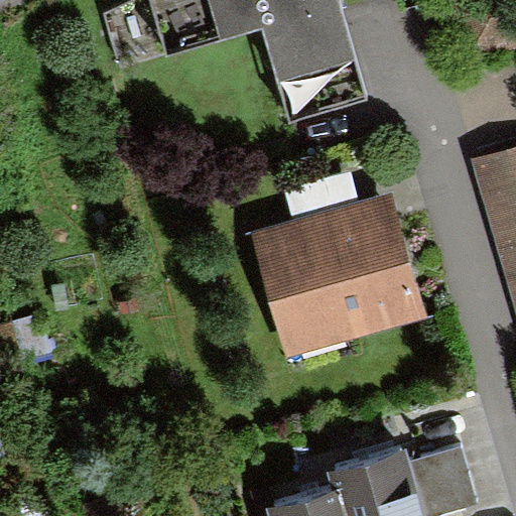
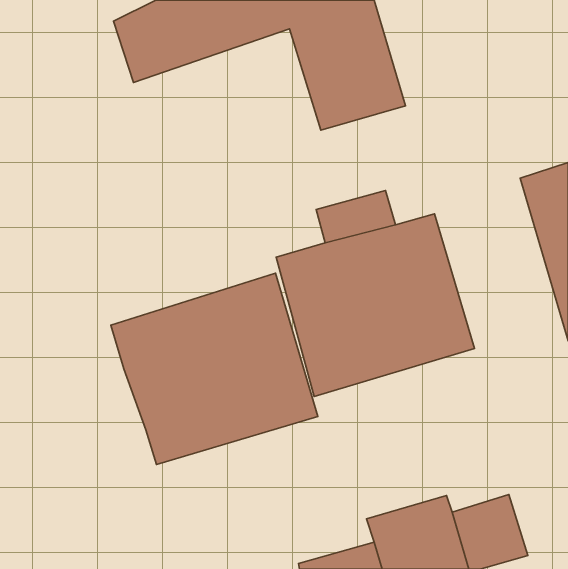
building: none -> [111,273,318,464]

